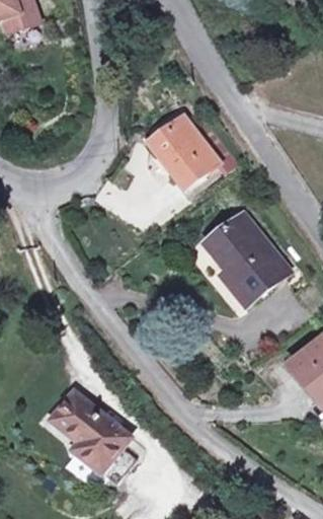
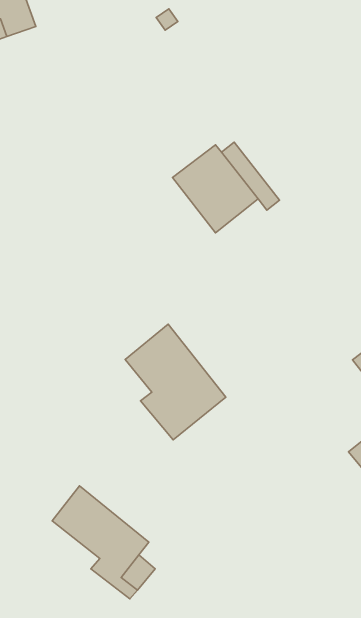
building: [206,212,287,305] -> [125,324,226,440]

